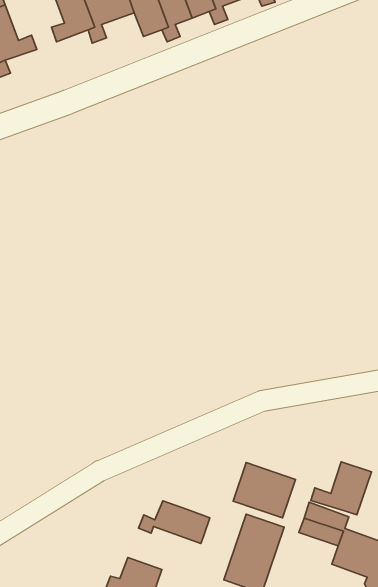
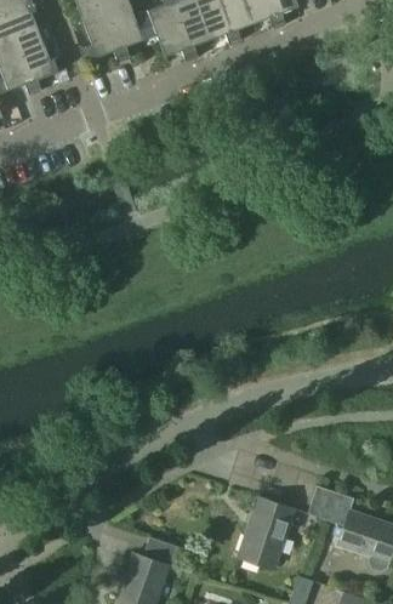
building: [311,462,371,515] -> none
building: [233,463,296,518] -> none
building: [139,501,210,543] -> none

